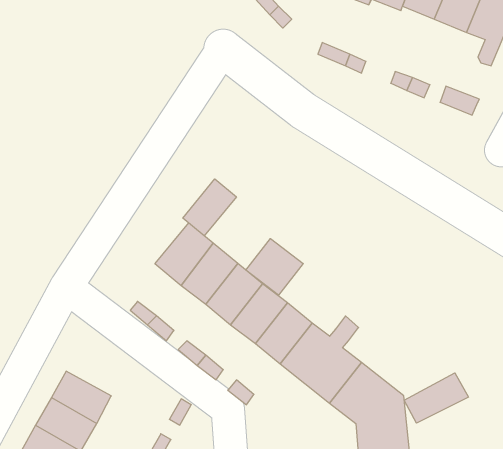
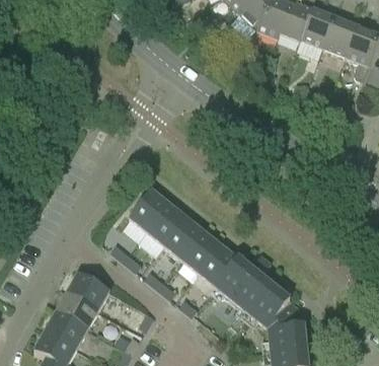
building: [183,179,236,236] -> none
building: [246,239,303,295] -> none
building: none -> [67,272,109,309]
building: [404,373,468,423] -> none

